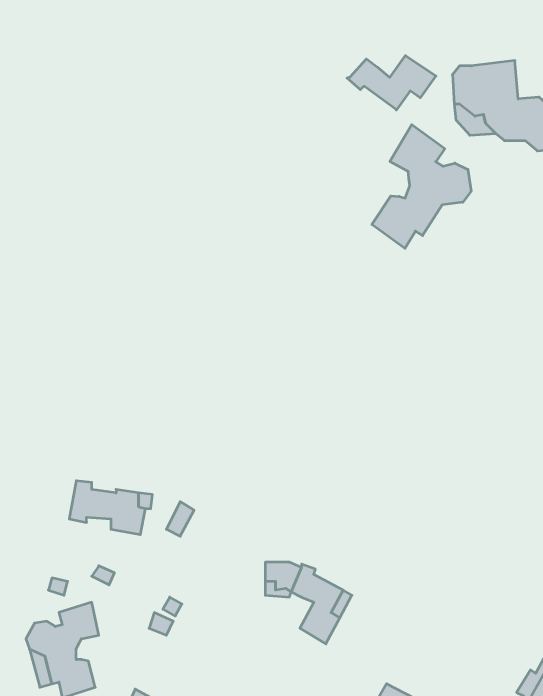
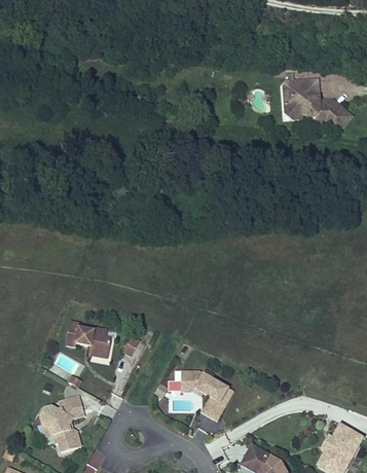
building: [347,56,436,110] -> none
building: [372,125,471,248] -> none

